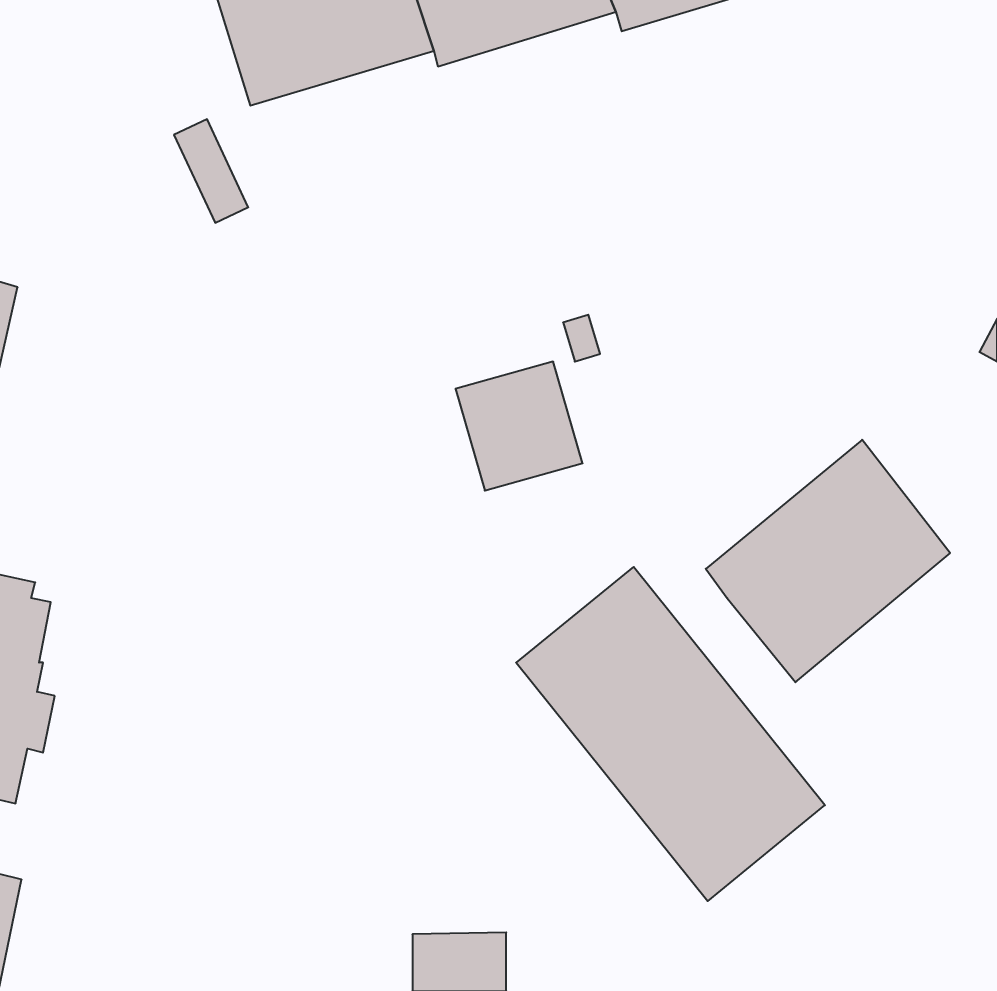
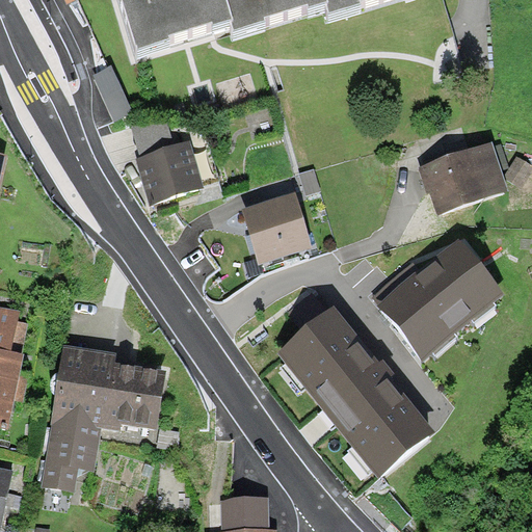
building: none -> [129,123,202,203]
building: none -> [419,141,507,210]
building: none -> [39,343,166,489]

